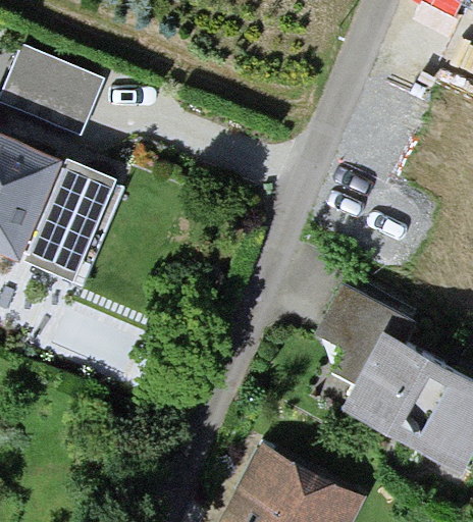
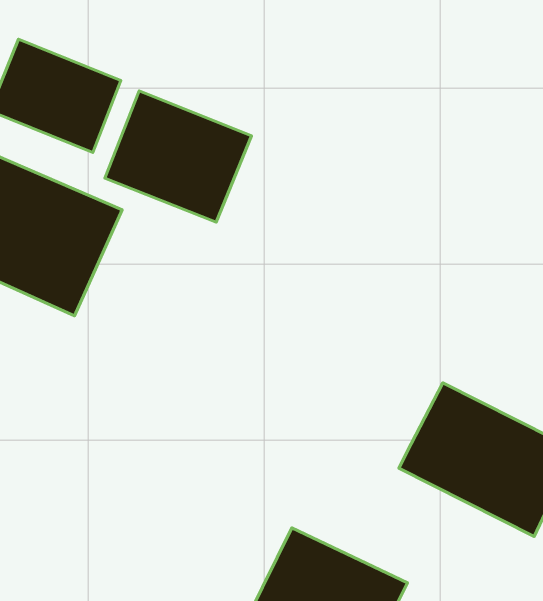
building: none -> [105,91,251,222]
building: [316,290,391,383] -> none

